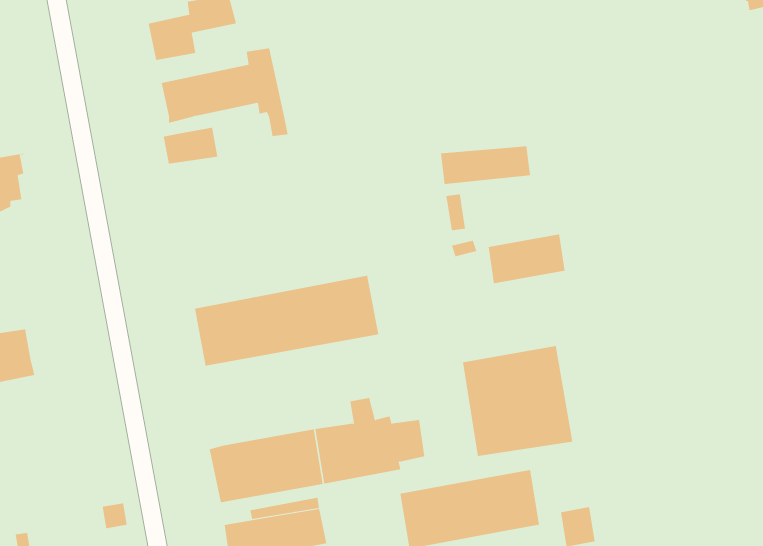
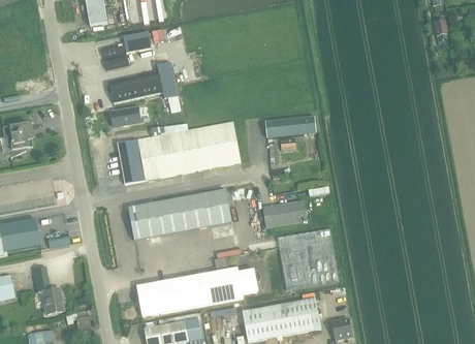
building: none -> [117,121,240,183]
building: [488,234,565,284] -> [263,199,307,227]
building: none -> [33,265,64,313]

